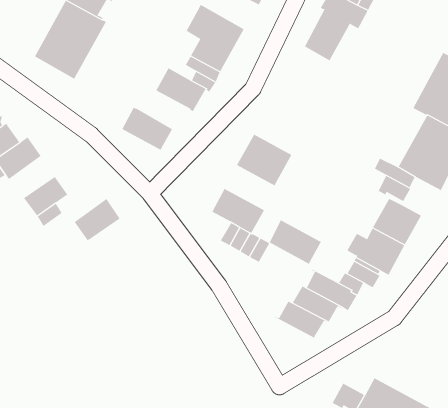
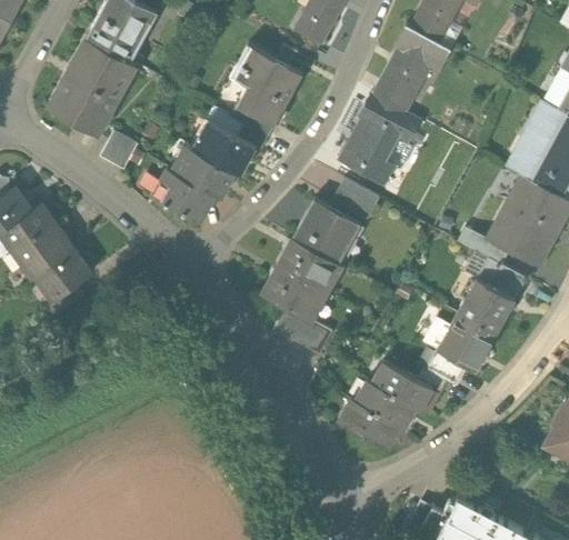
building: none -> [337,92,420,186]
building: none -> [102,129,138,166]
building: none -> [173,143,236,196]
building: none -> [337,181,372,216]
building: none -> [492,266,528,298]
building: [74,198,121,241] -> [17,226,73,278]
building: [269,219,322,264] -> [278,237,342,291]

